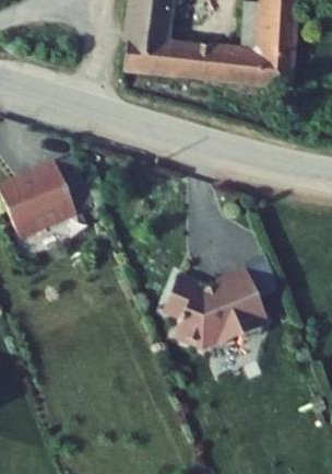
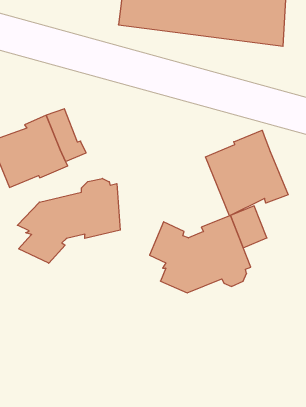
building: none -> [206,130,288,216]
building: none -> [17,178,120,263]

